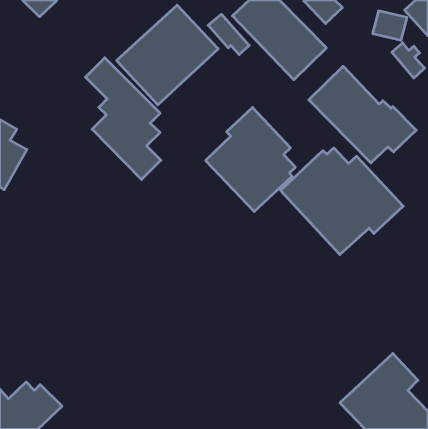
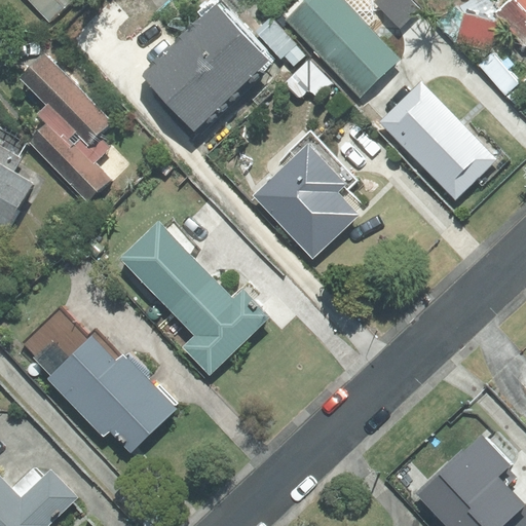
building: [85,58,161,180] -> [20,54,112,203]
building: [281,148,403,255] -> none
building: none -> [120,224,270,376]
building: none -> [23,307,175,453]

